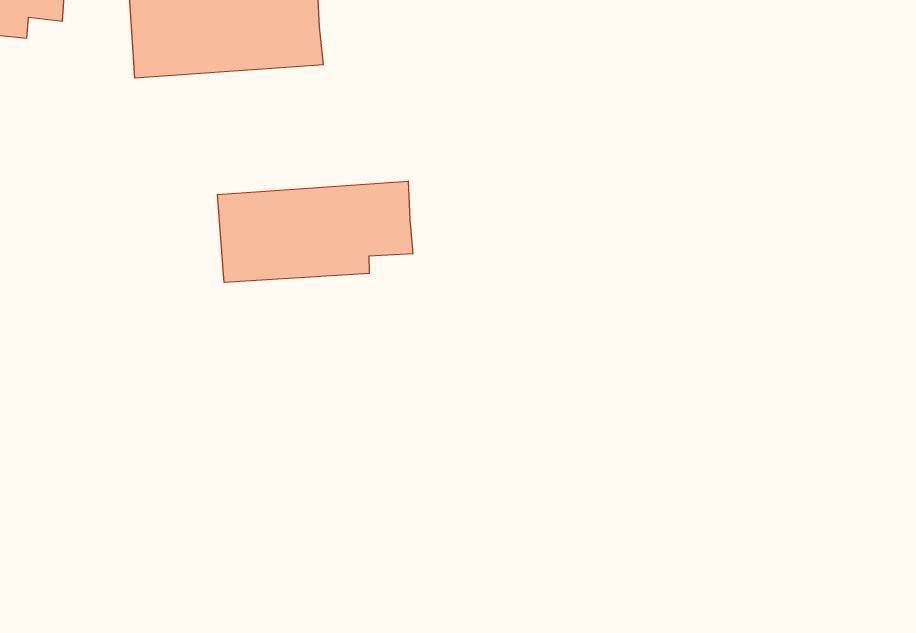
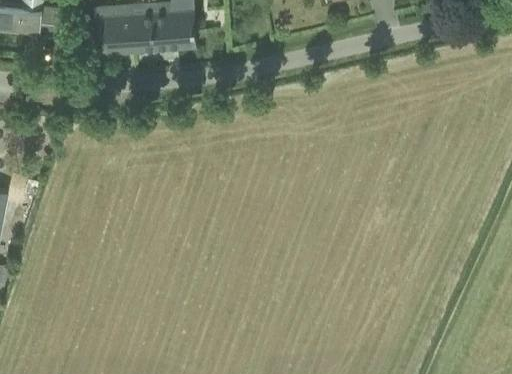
building: [218,181,413,282] -> none

